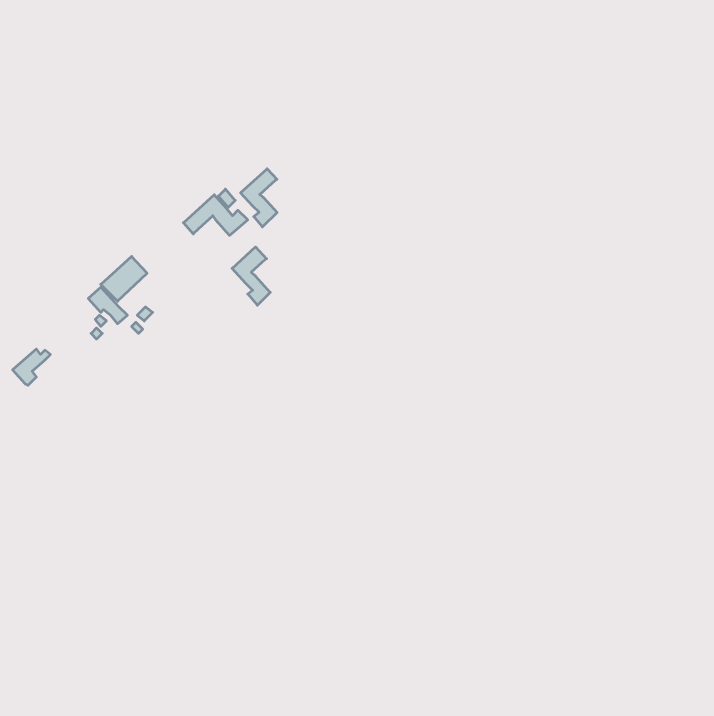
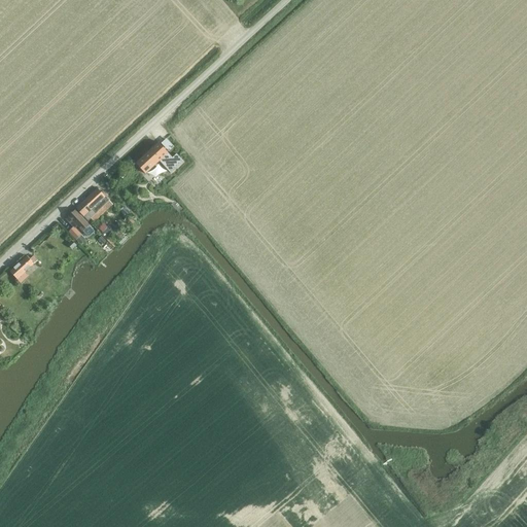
building: [241,169,277,227] -> none
building: [232,247,270,305] -> none

